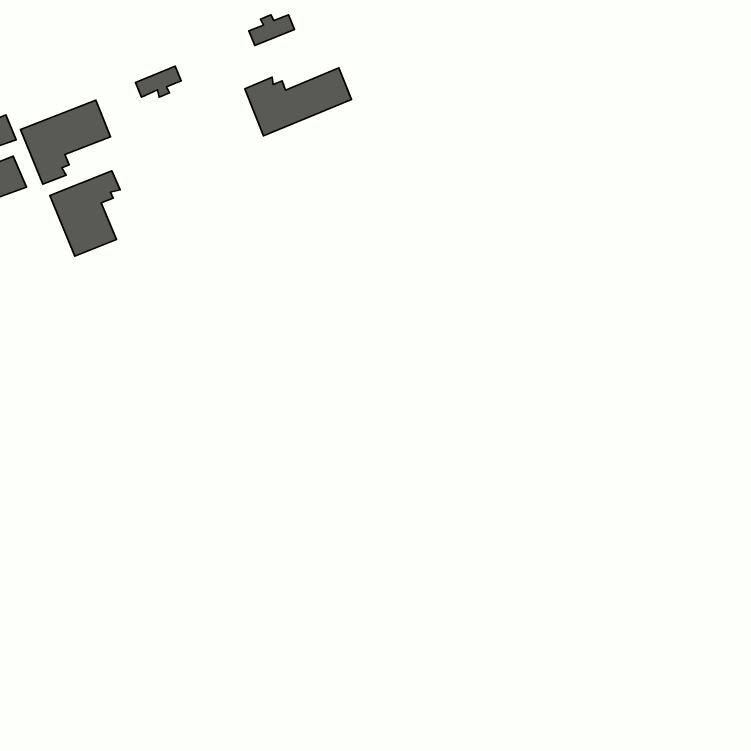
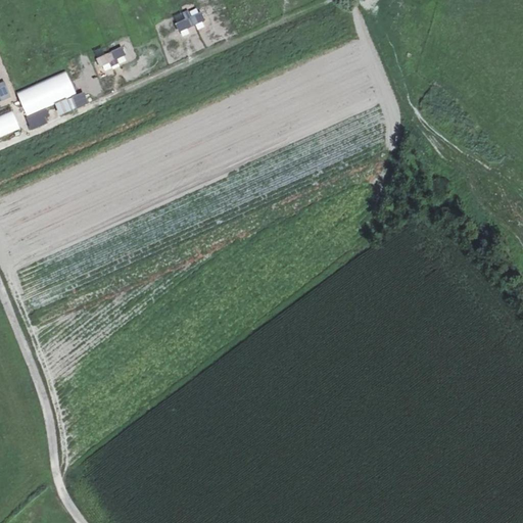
building: [245,68,352,136] -> none
building: [50,171,120,256] -> none

